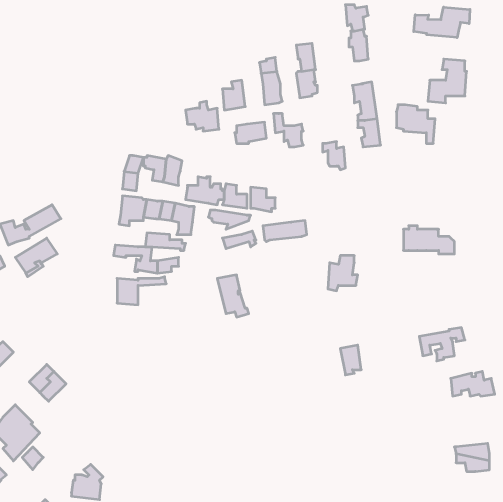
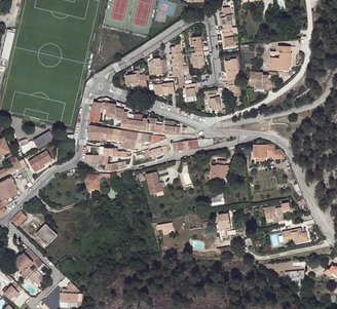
building: [414,7,470,38] -> none

